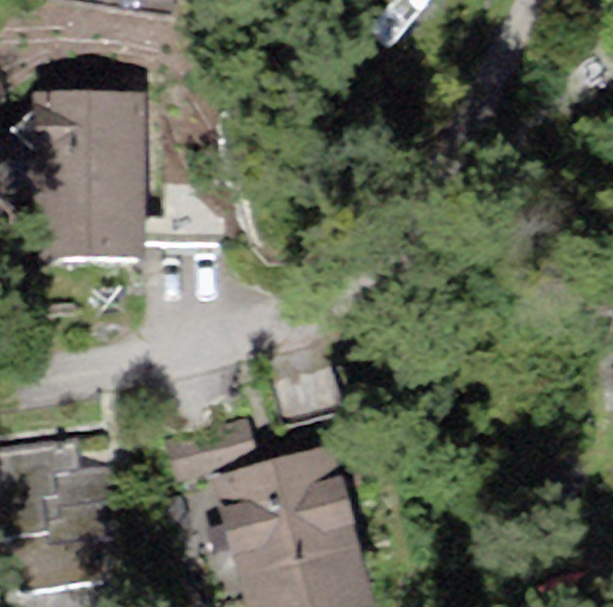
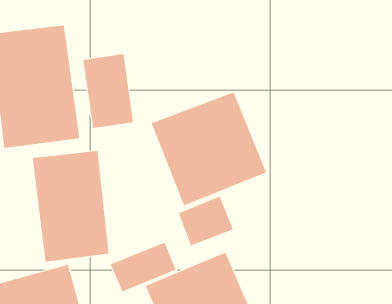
building: none -> [151,92,267,206]
building: none -> [32,150,109,262]

